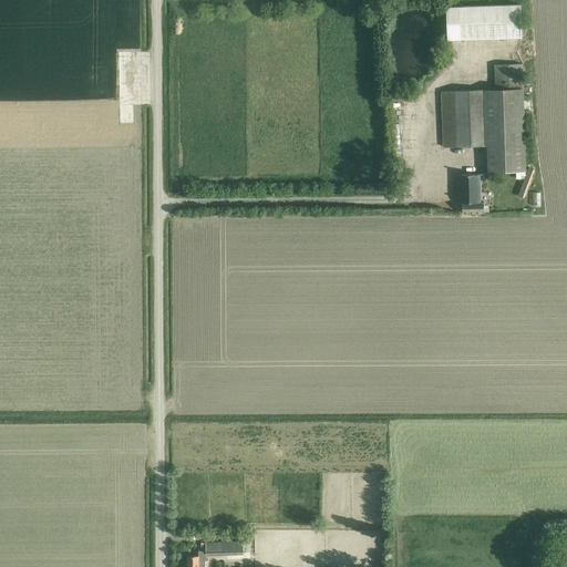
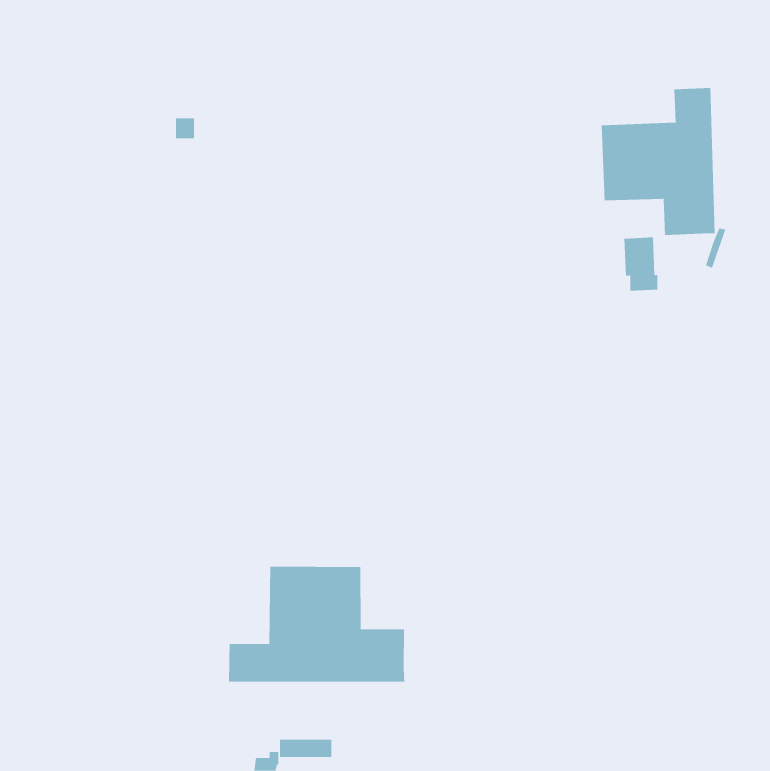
building: [446,6,520,40] -> none
building: none -> [229,566,405,683]

